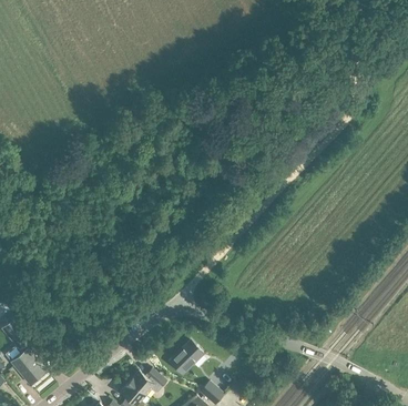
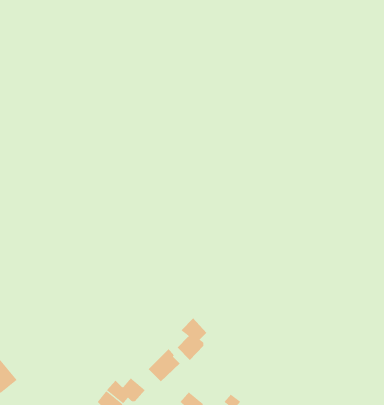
building: none -> [177,318,207,361]

